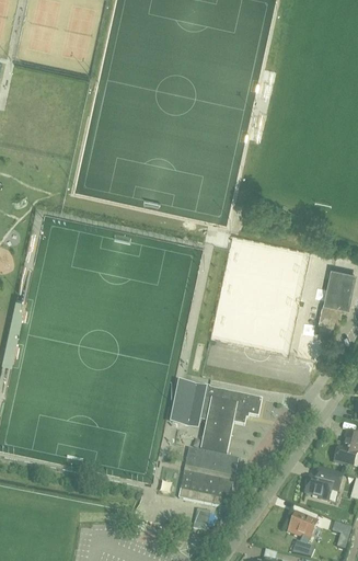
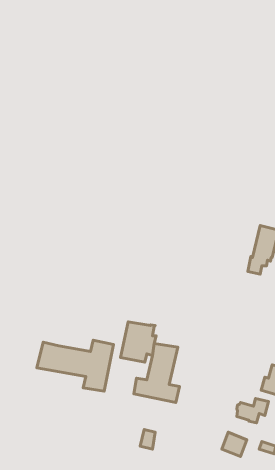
building: [206,388,262,427] -> none
building: none -> [37,340,113,391]
building: [177,471,233,508] -> none

